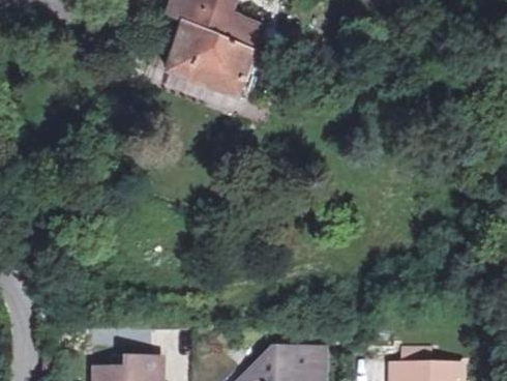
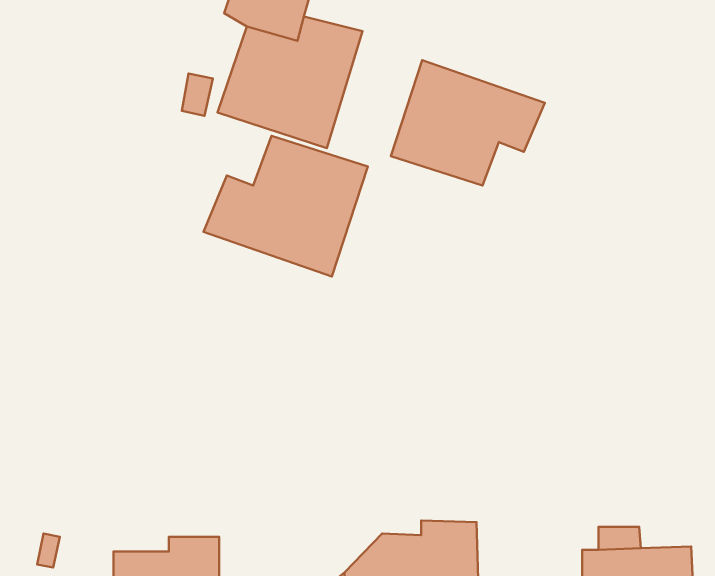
building: none -> [391,60,545,186]
building: none -> [203,136,368,277]

